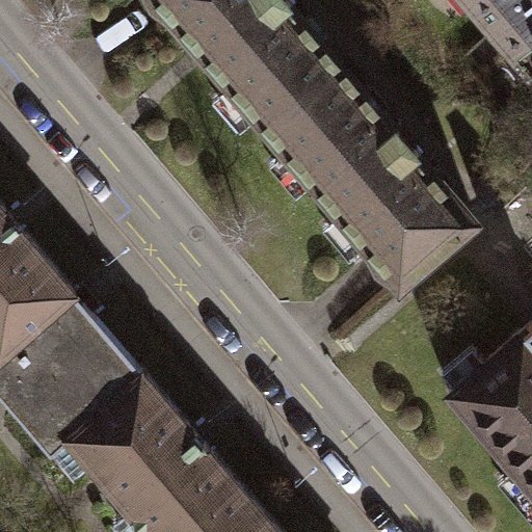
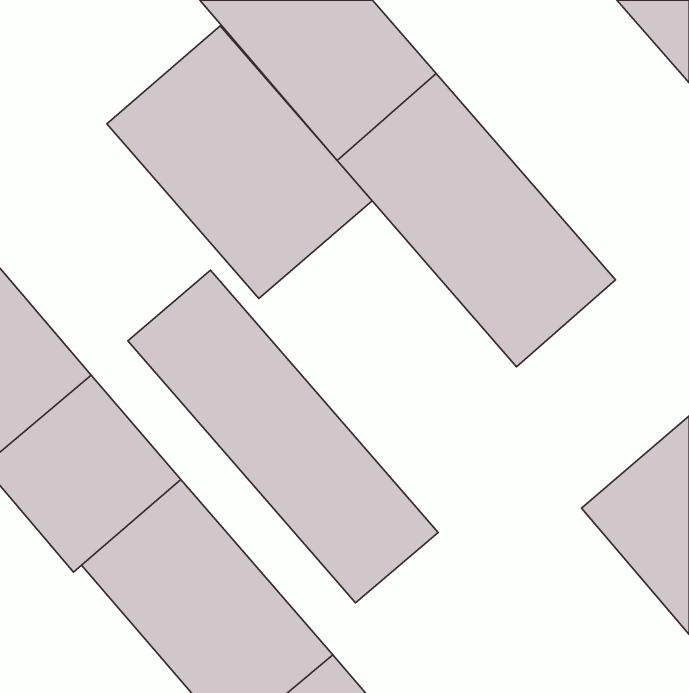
building: none -> [107,26,372,298]
building: none -> [128,270,438,603]

